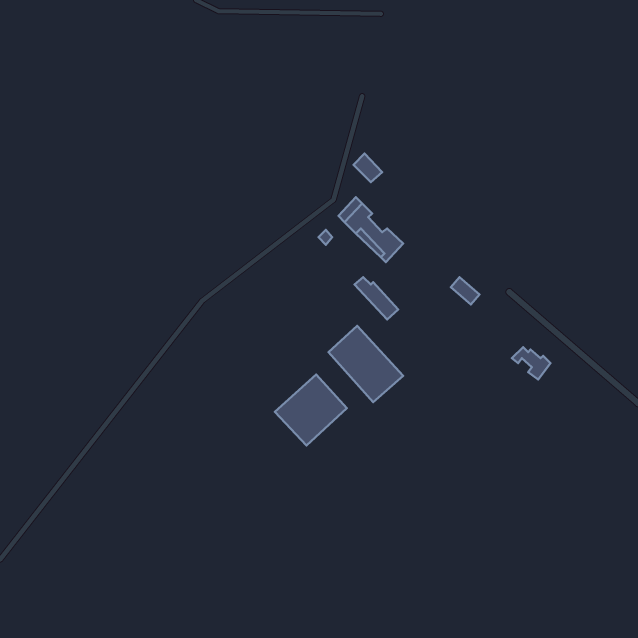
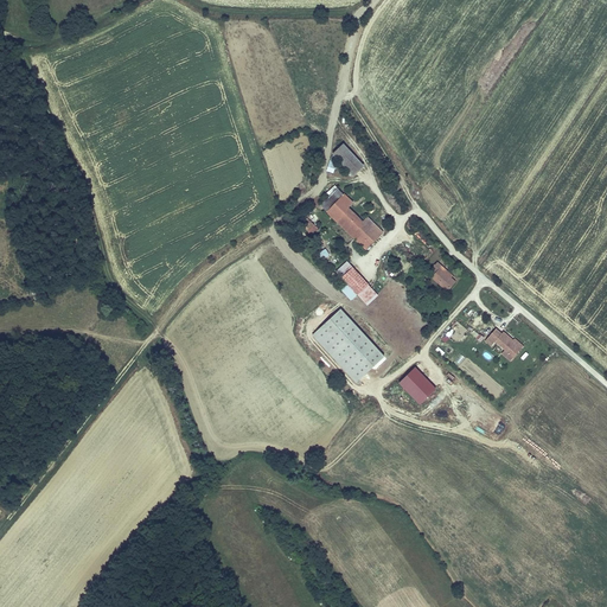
building: [275,375,347,446] -> none
building: none -> [398,366,436,405]

